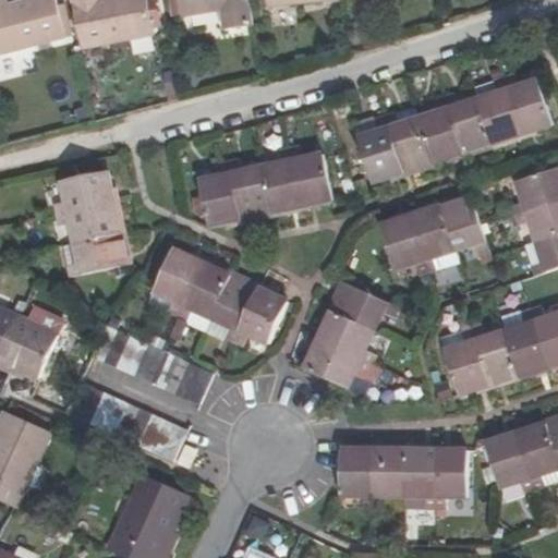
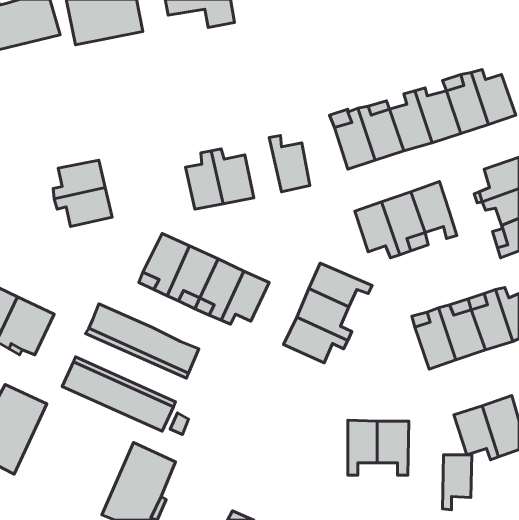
building: [262,147,301,211] -> none
building: [70,232,126,275] -> none
building: [341,449,372,508] -> none
building: [436,450,468,509] -> [442,455,472,510]

